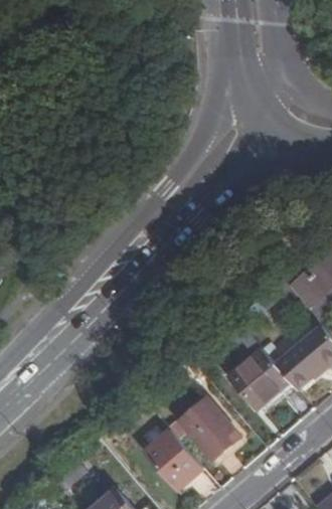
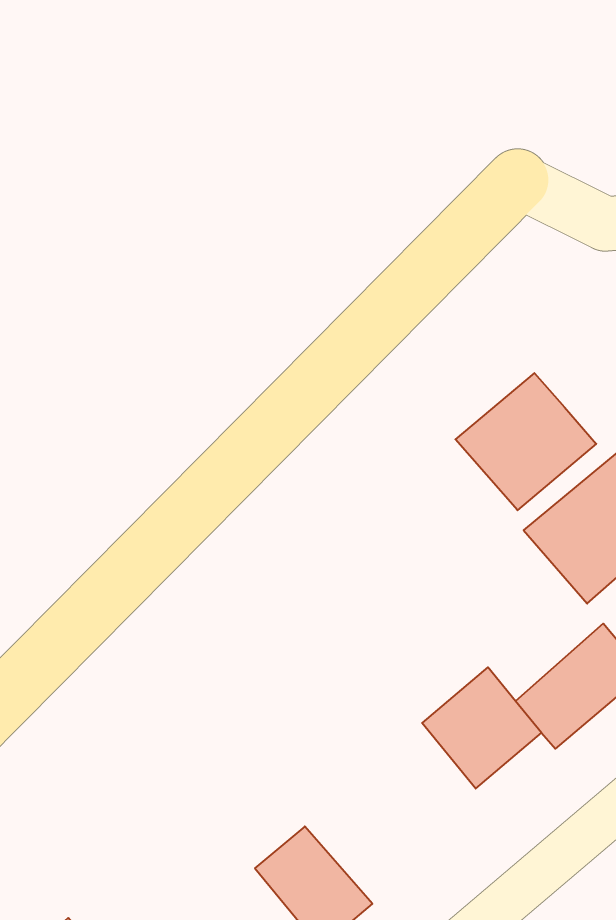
building: none -> [455,373,596,510]
building: [179,400,237,460] -> none

